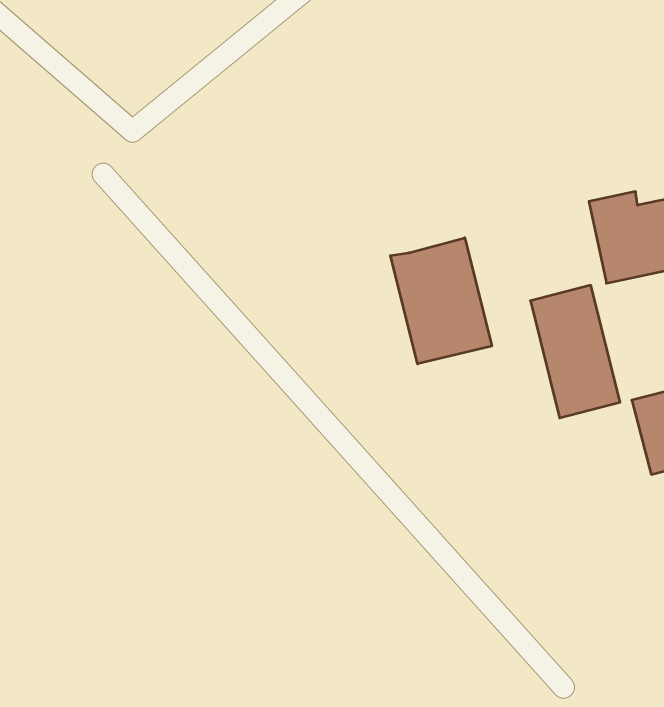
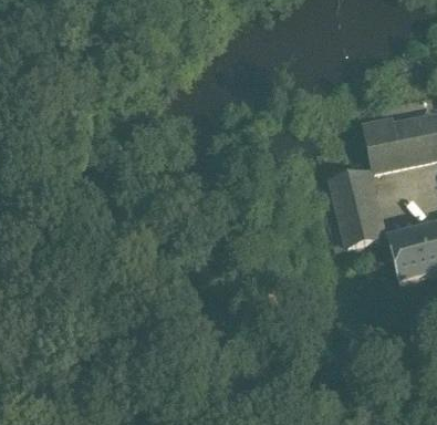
building: [390,238,492,364] -> none

